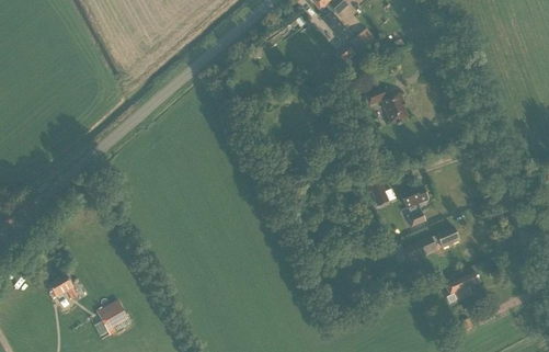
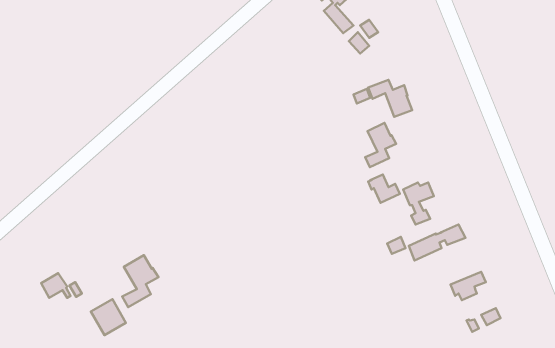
building: none -> [365,123,396,167]
building: none -> [122,255,159,307]

